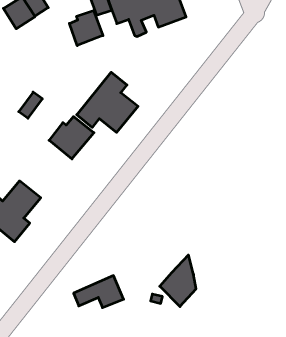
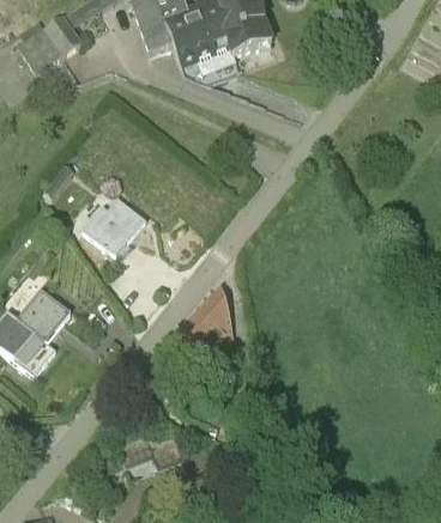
building: [69,11,103,46] -> none
building: [77,72,138,132] -> none
building: [160,255,196,307] -> [181,286,232,359]

